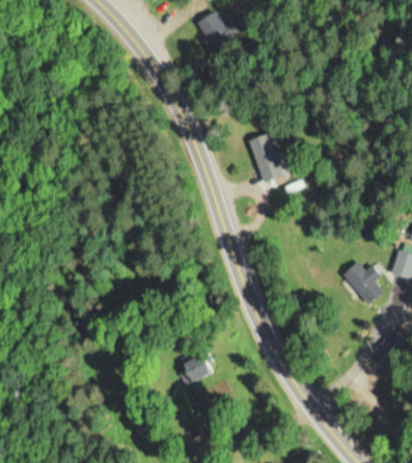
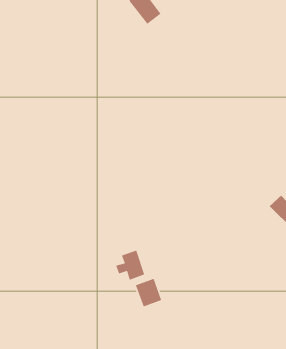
building: [250,134,285,184] -> none
building: none -> [115,249,145,281]

